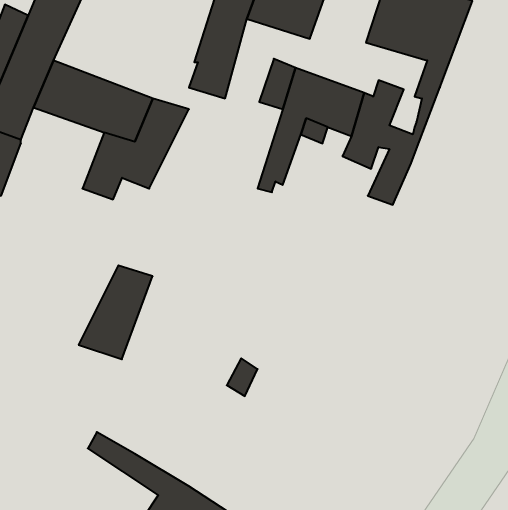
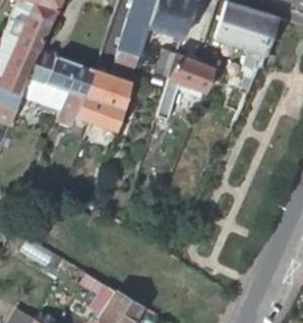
building: none -> [20,75,67,111]
building: [79,265,153,359] -> [93,76,134,129]

